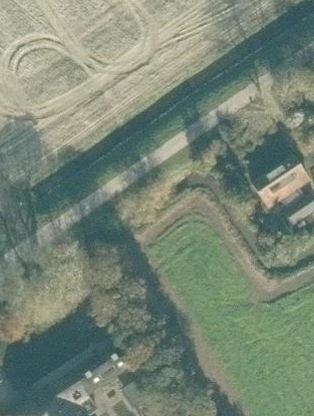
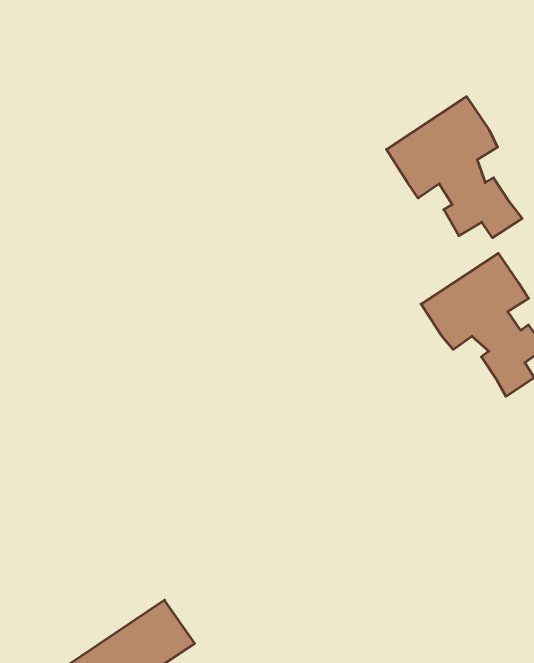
building: none -> [386,97,522,238]

